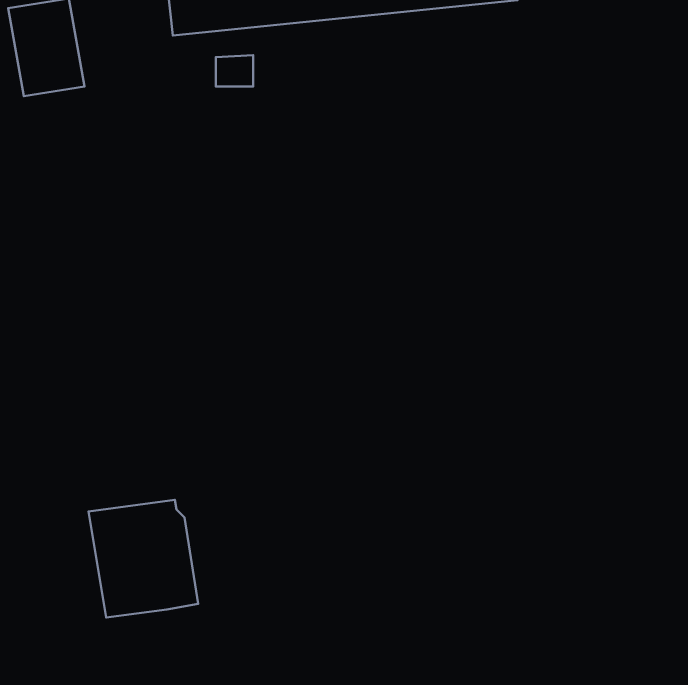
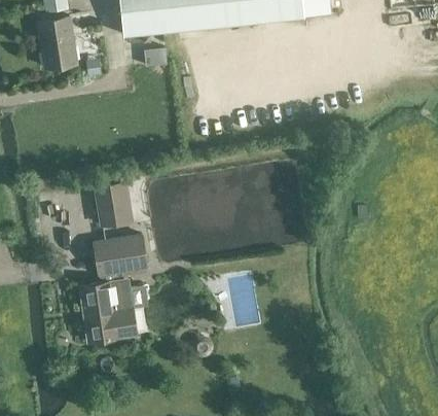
building: none -> [97,182,127,226]
building: none -> [94,235,149,276]

